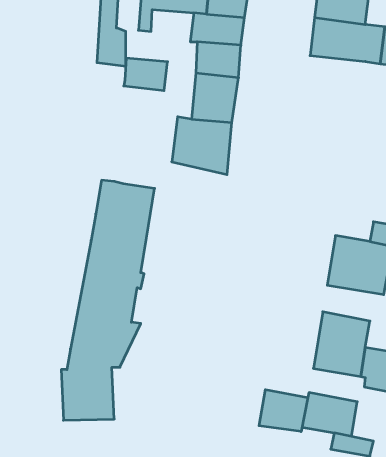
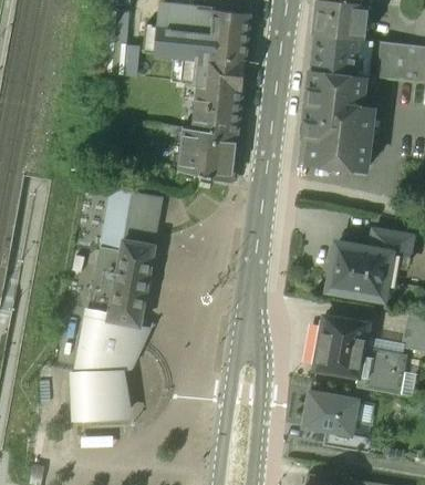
building: none -> [300,70,374,168]
building: [124,58,168,91] -> [157,25,199,56]
building: [259,390,308,432] -> none

